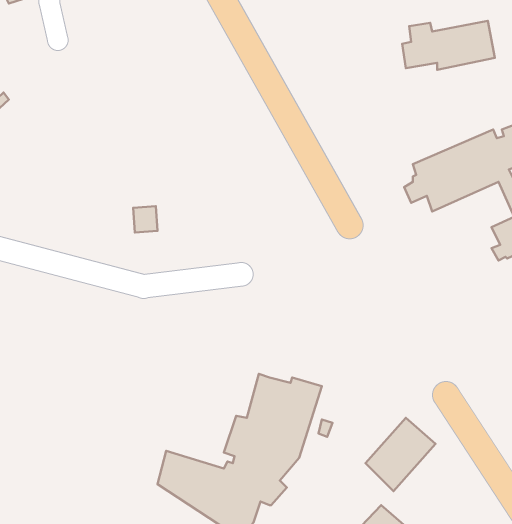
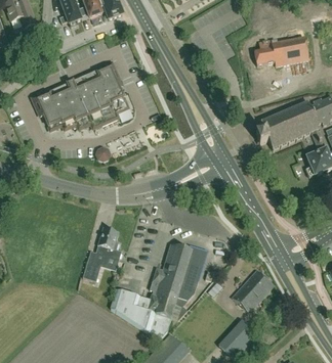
building: none -> [30,61,127,131]
building: none -> [82,229,121,282]

